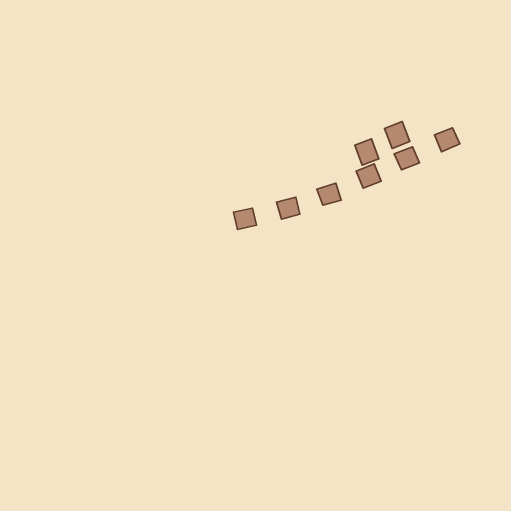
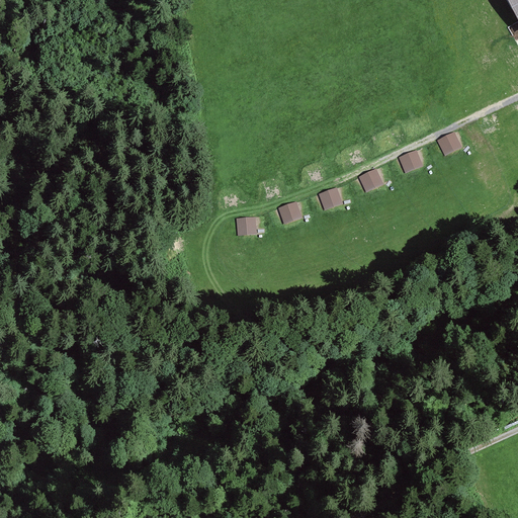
building: [385,122,410,148] -> none
building: [355,139,379,165] -> none

